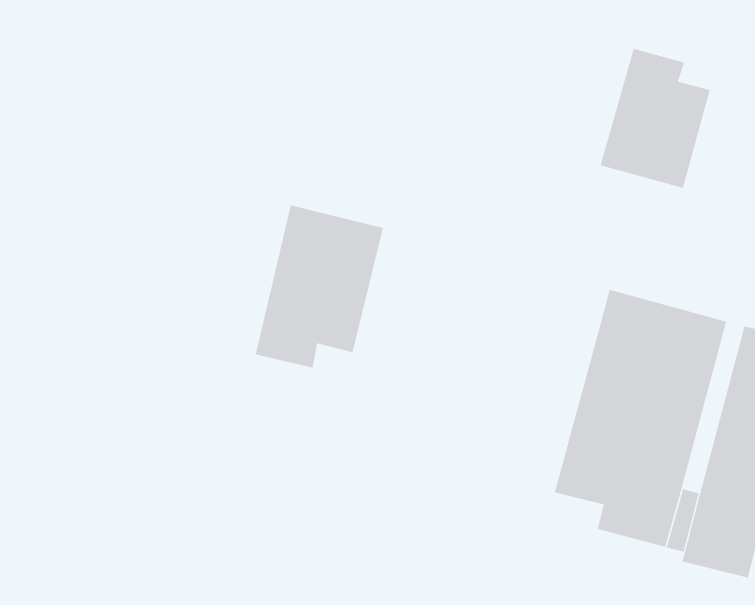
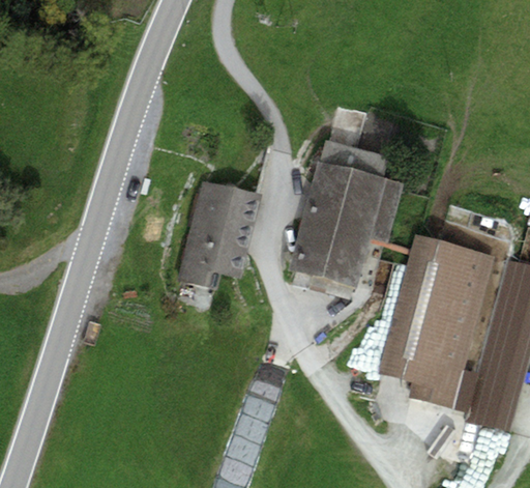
building: [600,48,711,189] -> none
building: none -> [287,138,402,298]

